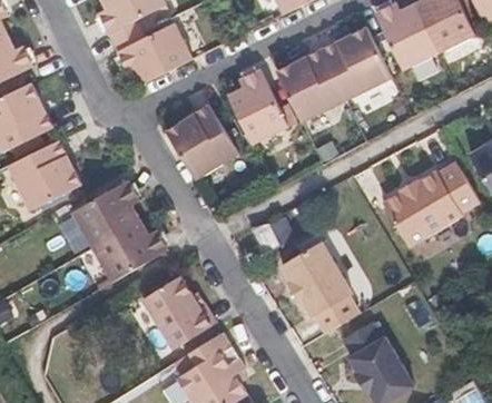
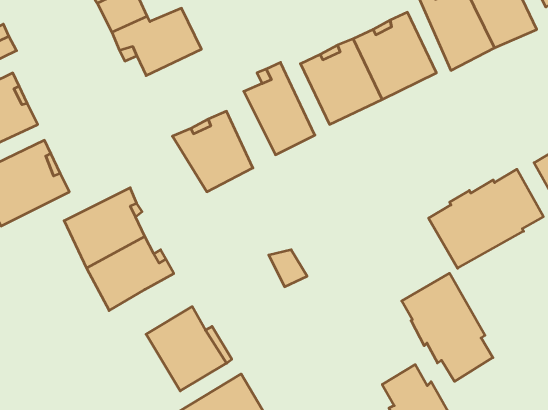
building: [282,244,358,335] -> [402,273,493,381]

